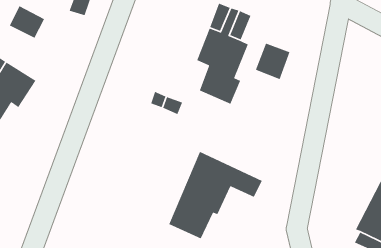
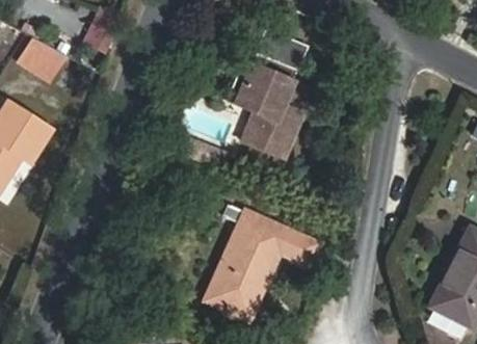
building: [255,43,290,80] -> none

